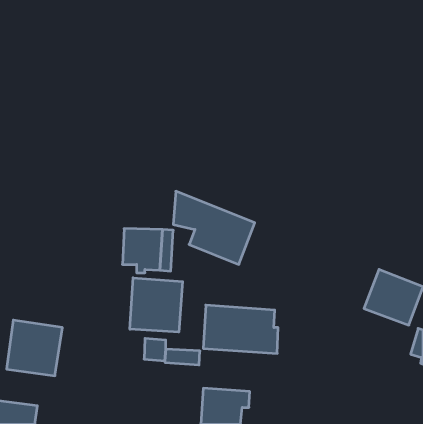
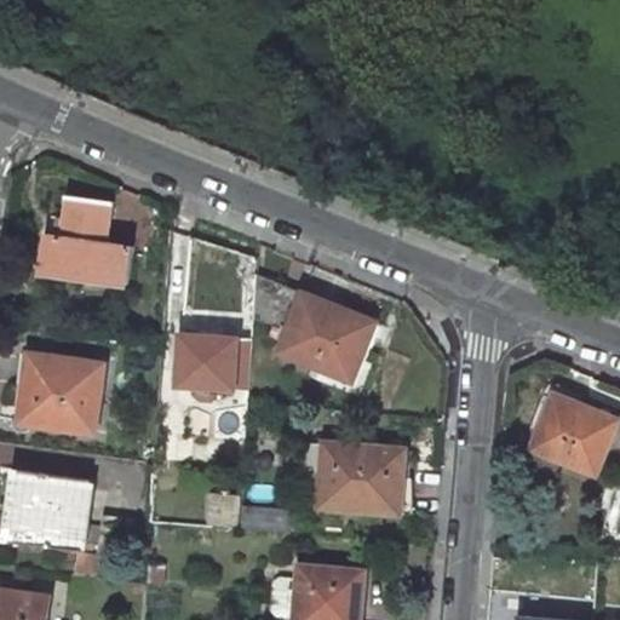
building: none -> [39,193,145,288]
building: none -> [19,355,99,429]
building: [130,278,183,332] -> none

